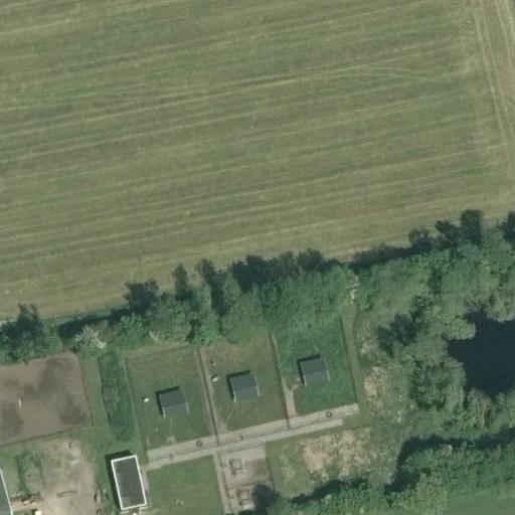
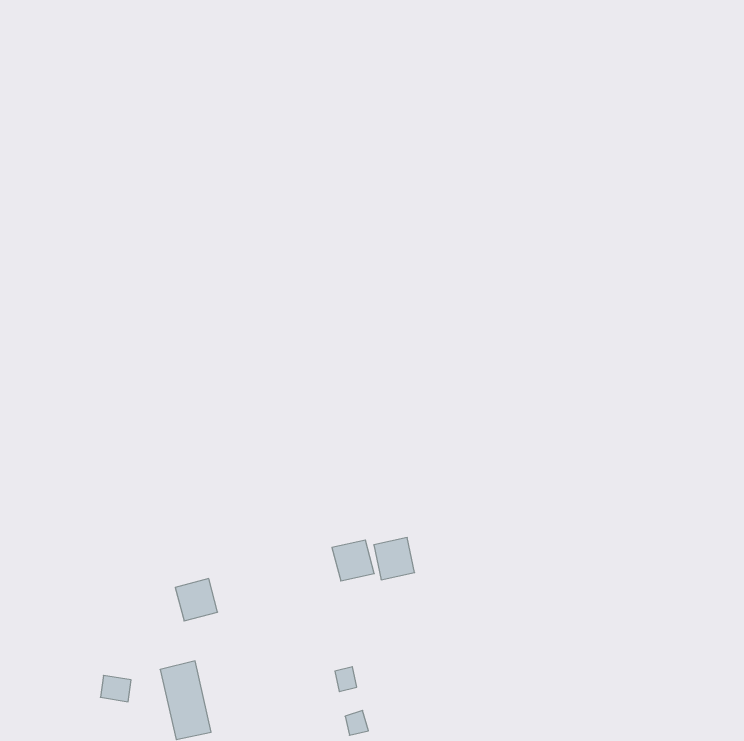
building: [300,357,328,386] -> [374,538,415,580]
building: [158,389,187,418] -> [175,579,218,621]

